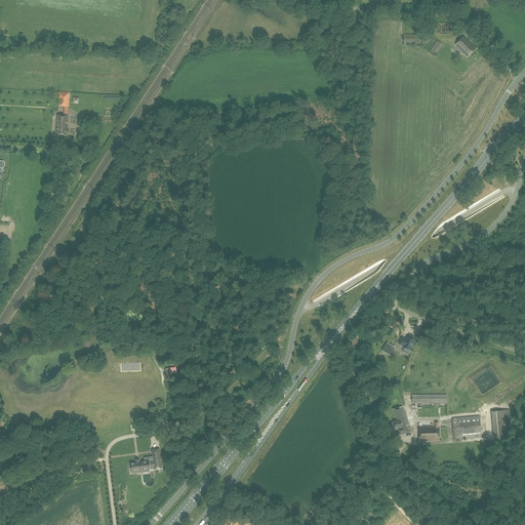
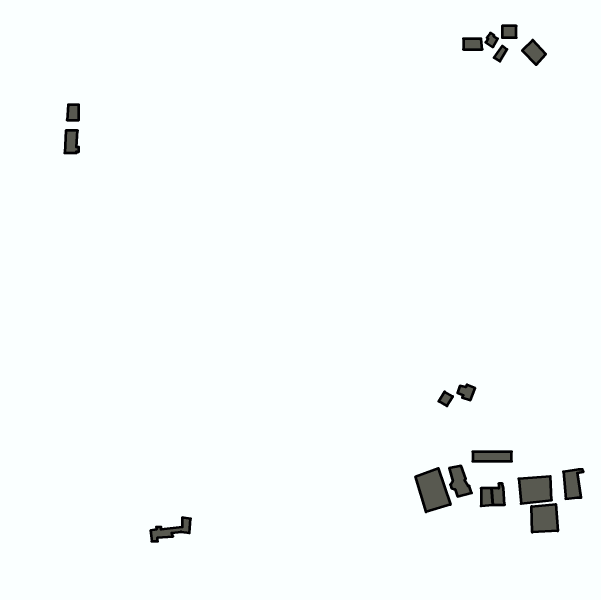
building: none -> [416,468,450,512]
building: none -> [532,504,558,532]

